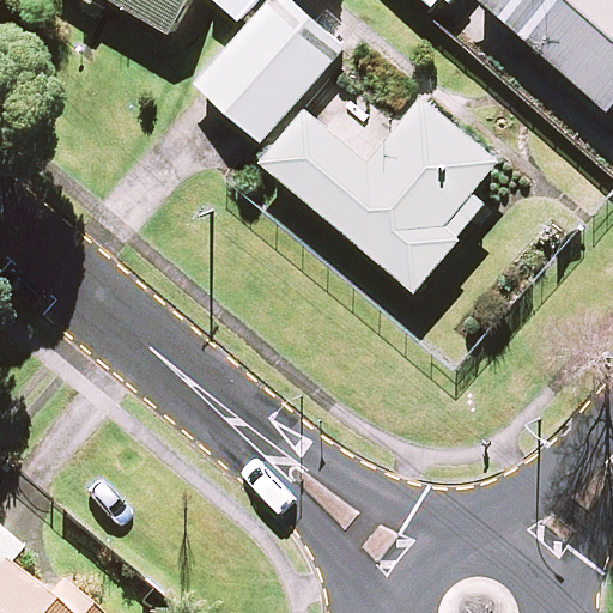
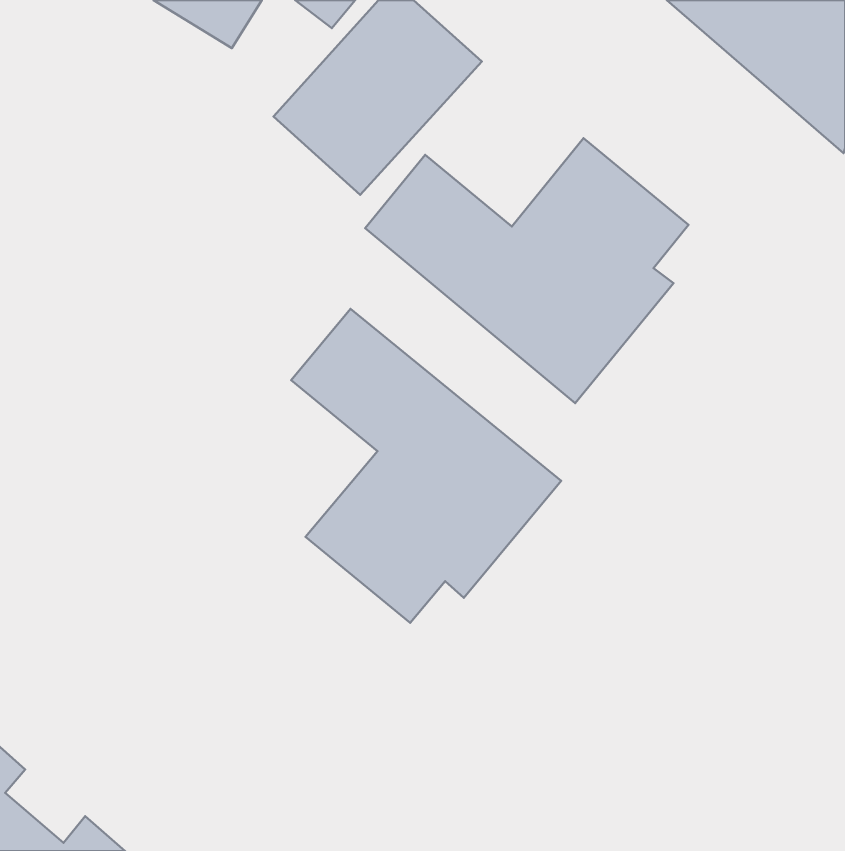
building: none -> [291,309,561,623]

